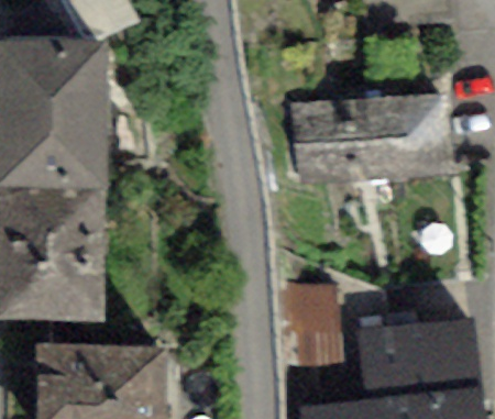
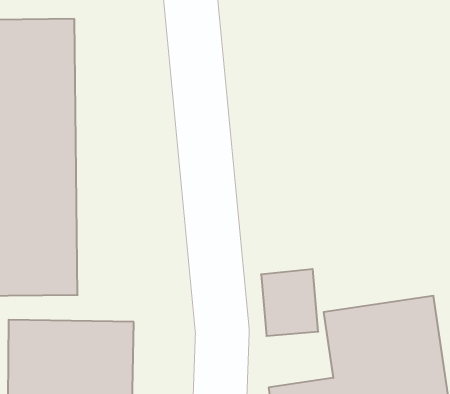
building: [288,92,451,186] -> none

